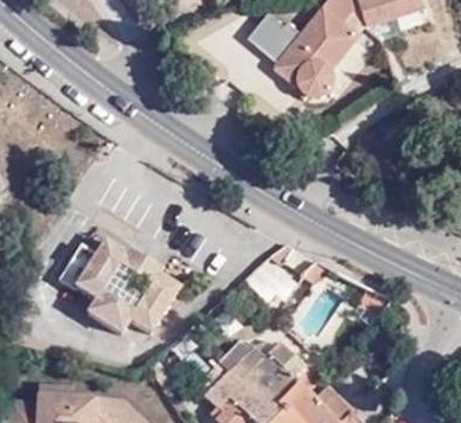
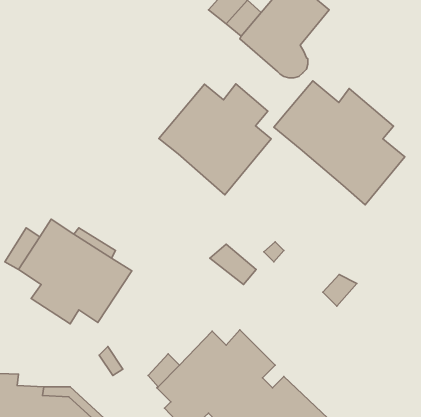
building: none -> [274,81,405,205]
building: none -> [159,84,271,195]

